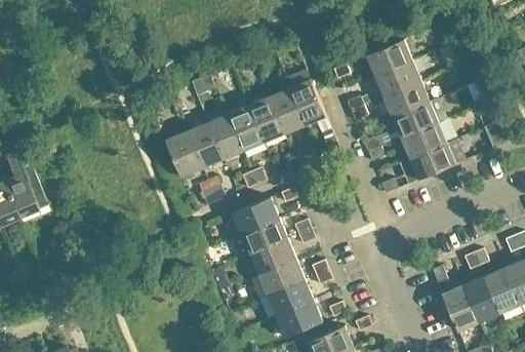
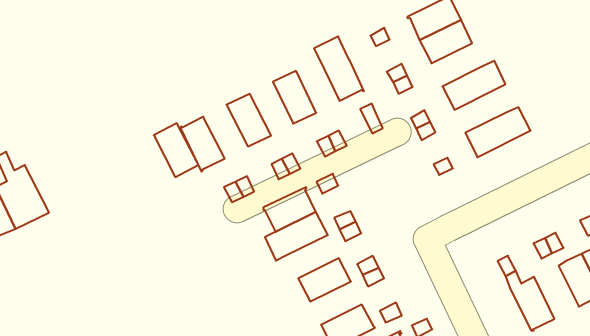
building: [385,81,429,117] -> none
building: [268,87,304,133] -> none
building: [227,105,262,151] -> none
building: [186,122,223,168] -> [154,123,198,177]
building: [402,122,446,158] -> none
building: [250,239,295,275] -> none
building: [462,277,499,322] -> none
building: [269,280,313,316] -> none

